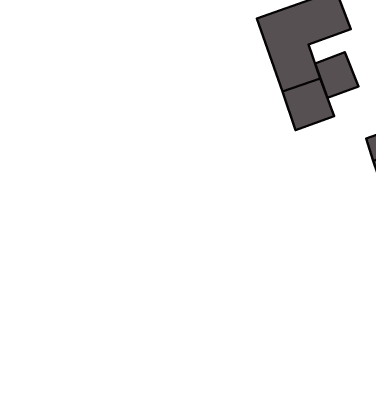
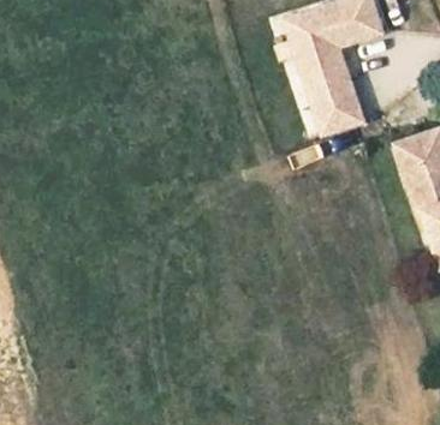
building: [315,52,358,98] -> none

